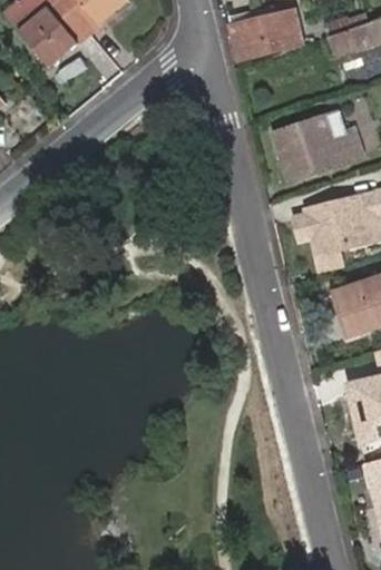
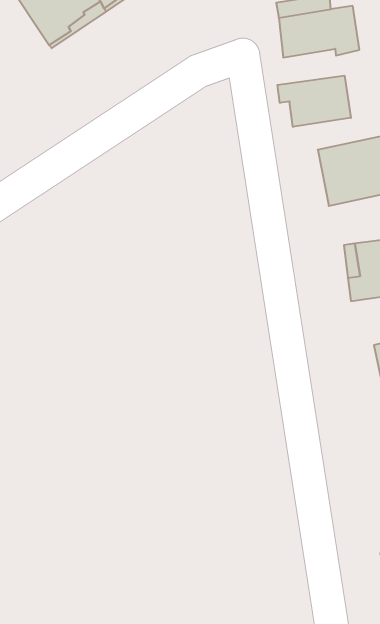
building: none -> [277,76,351,127]

